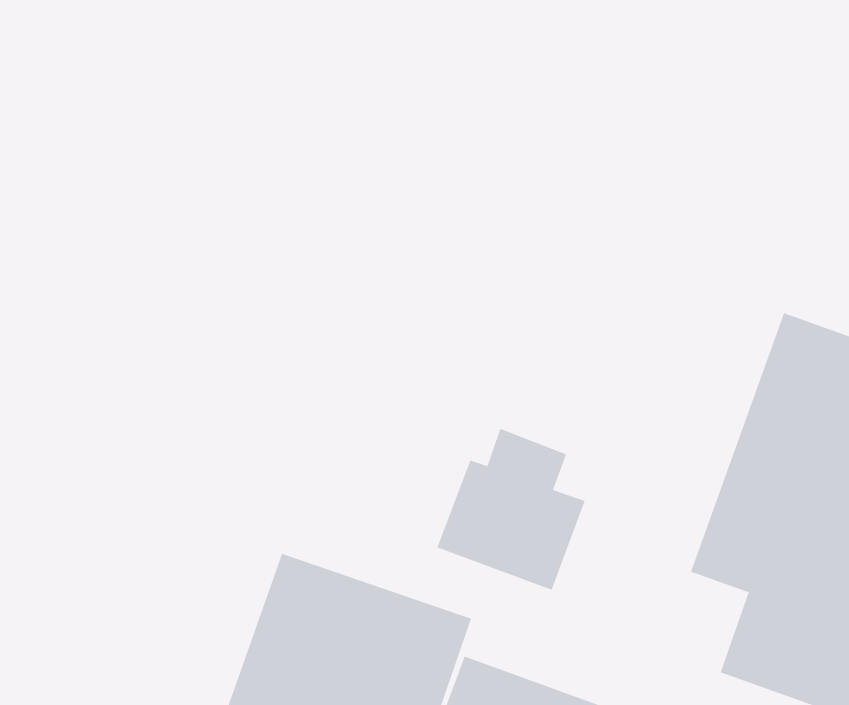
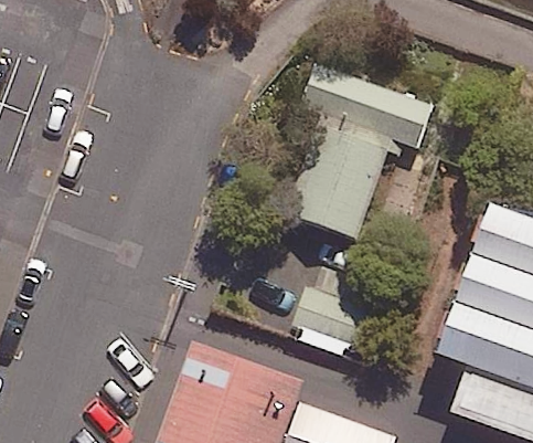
building: none -> [276,65,434,243]

